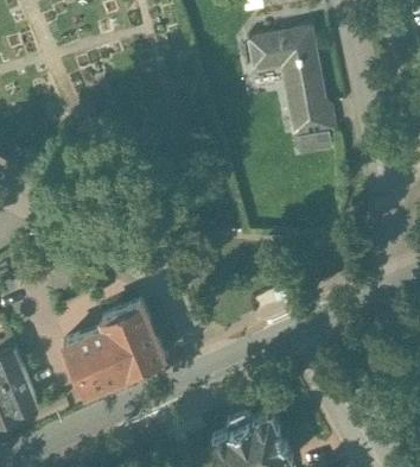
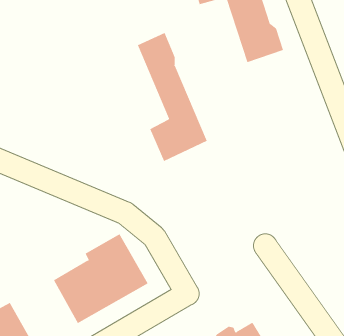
building: none -> [137,32,208,162]

